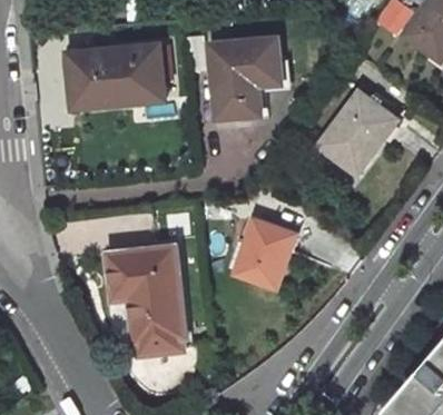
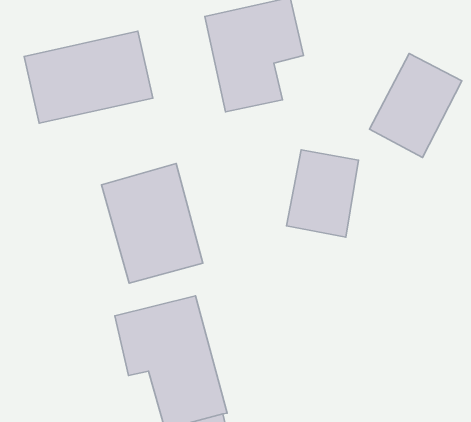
building: none -> [101,164,203,283]
building: [234,218,296,289] -> [287,150,359,237]

